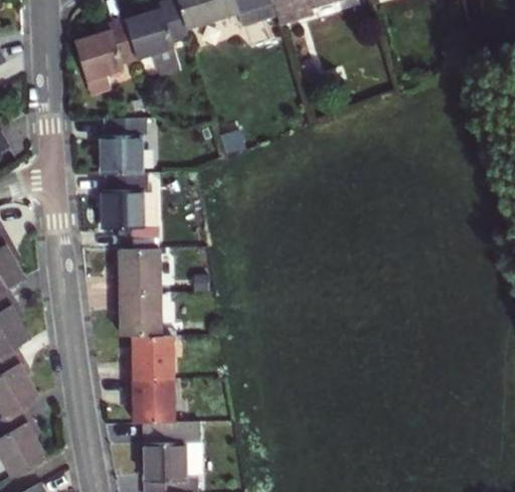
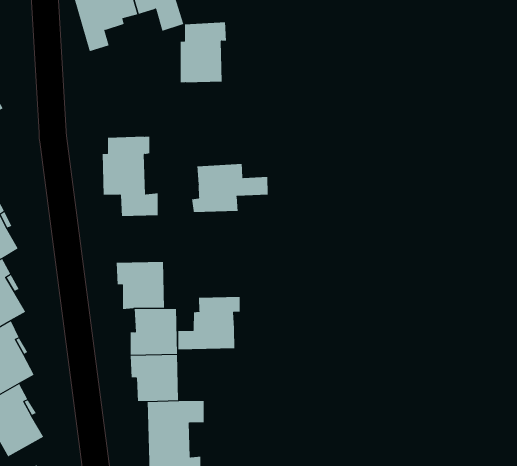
building: [102,118,146,175] -> [180,22,227,83]
building: none -> [192,163,268,213]
building: [114,249,160,293] -> none
building: none -> [178,296,240,350]

